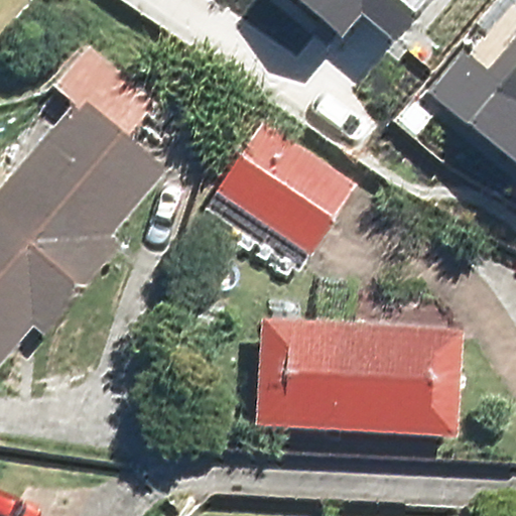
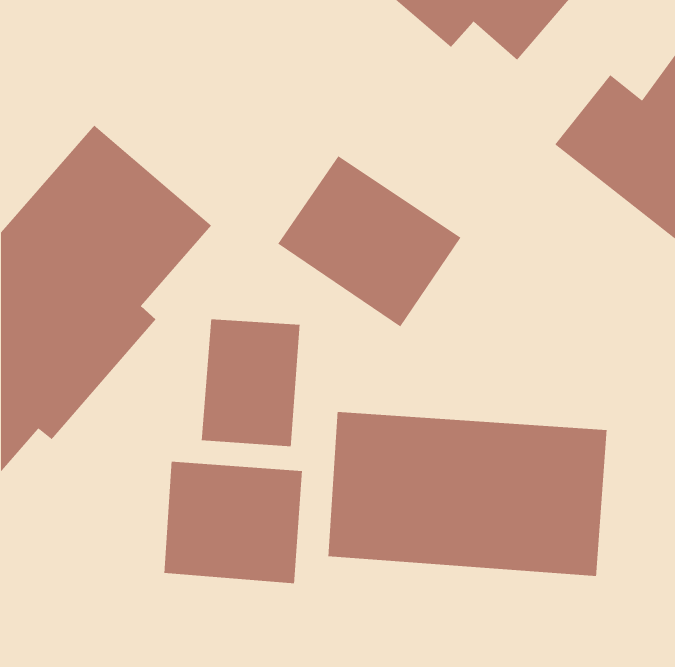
building: none -> [201,318,300,447]
building: none -> [163,461,303,584]

